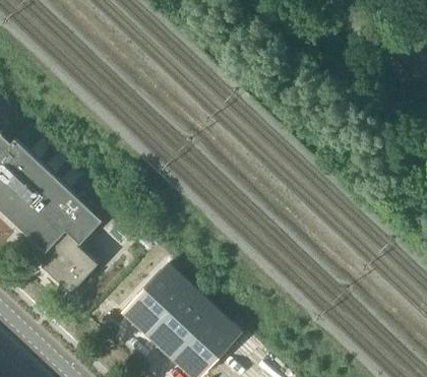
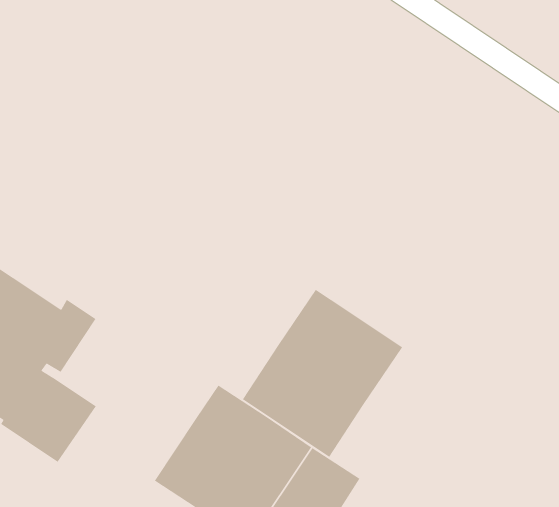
building: none -> [242,289,403,458]

